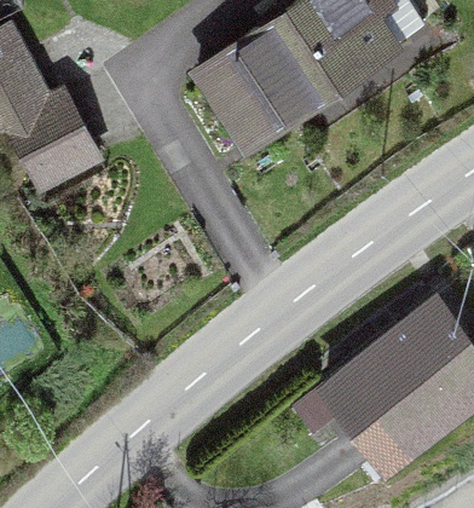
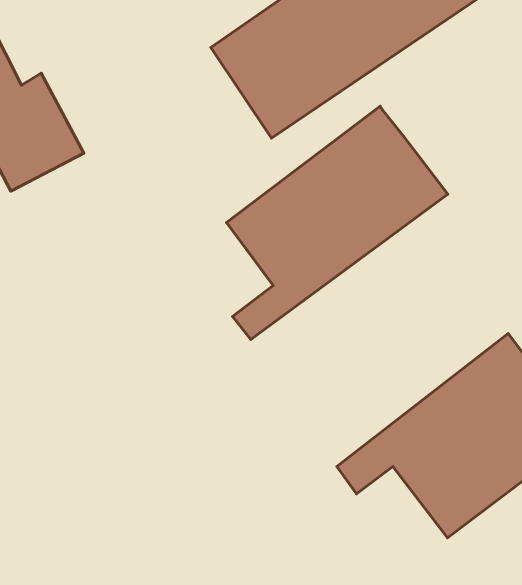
building: none -> [226,106,448,339]

